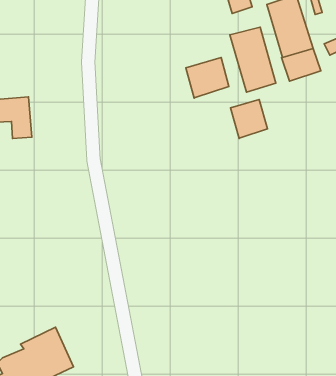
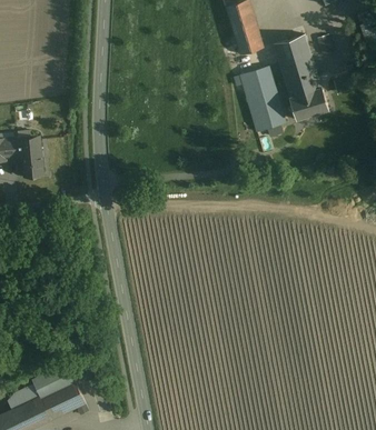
building: [186,58,229,98] -> none
building: [231,99,267,138] -> none

